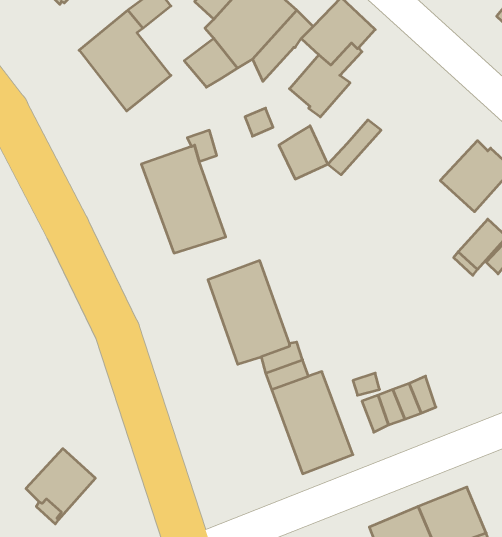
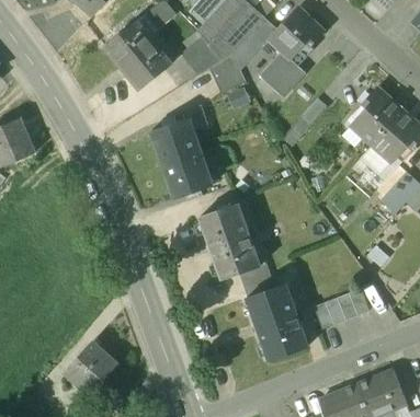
building: none -> [351,89,399,143]
building: [279,126,328,179] -> [209,54,246,93]

